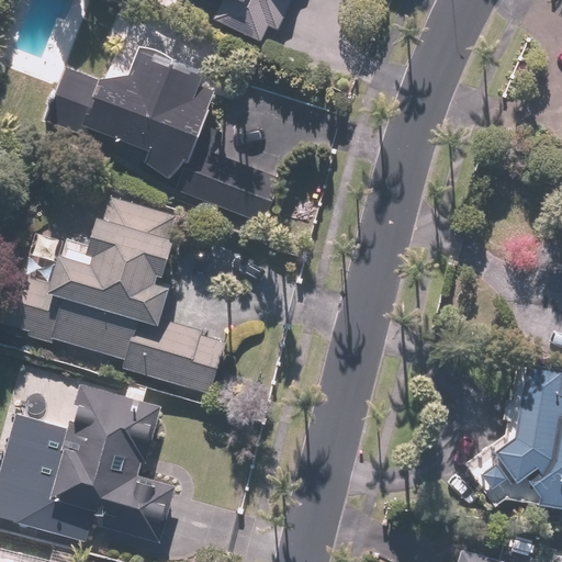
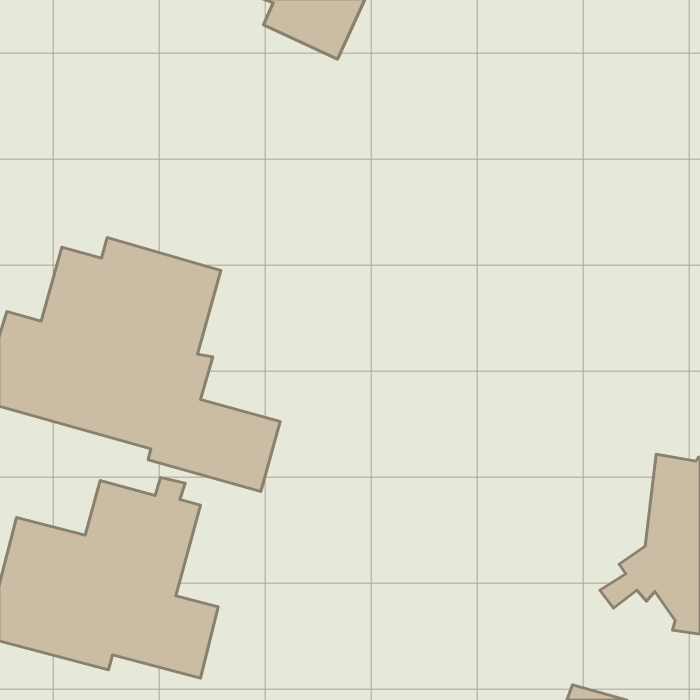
building: [44,57,281,224] -> none

